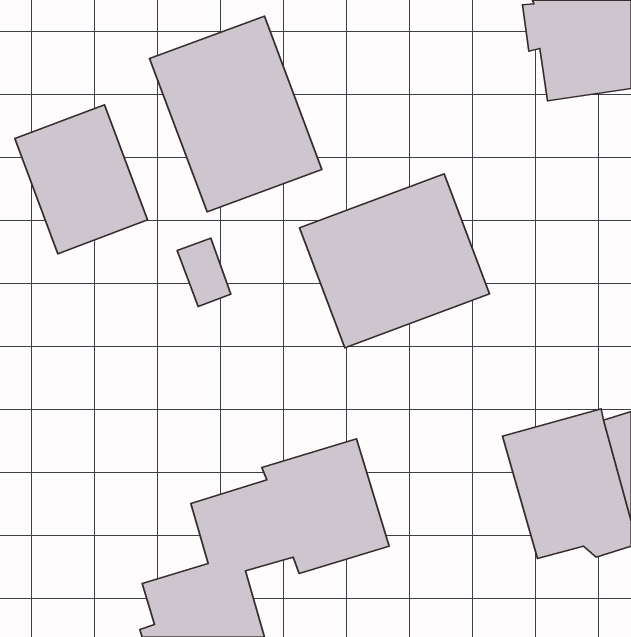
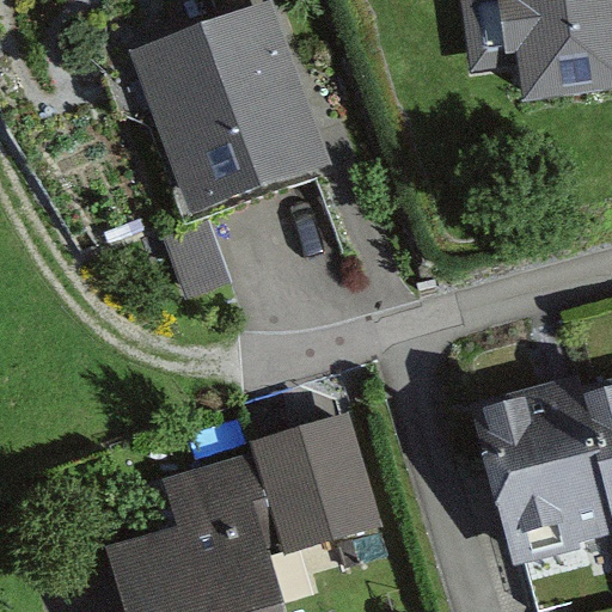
building: [15,105,147,254] -> none
building: [300,174,489,348] -> none

